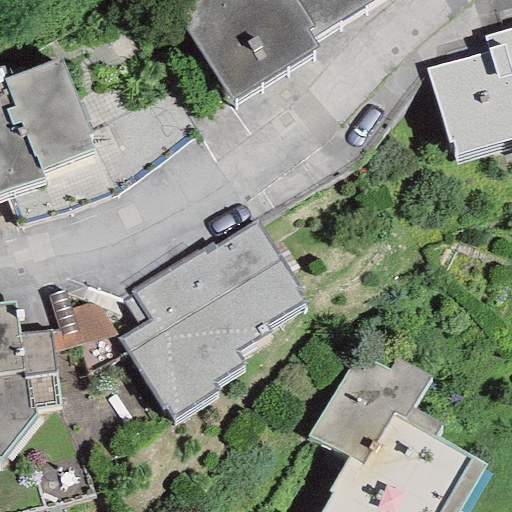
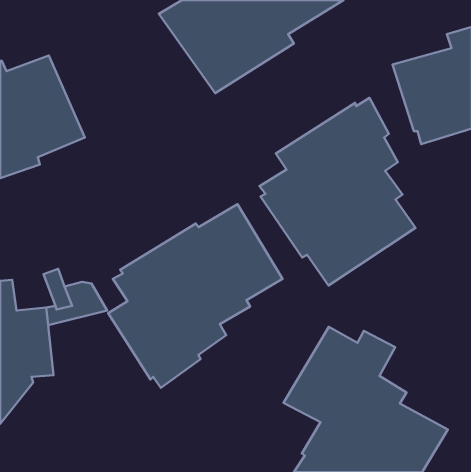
building: none -> [259,98,416,285]

